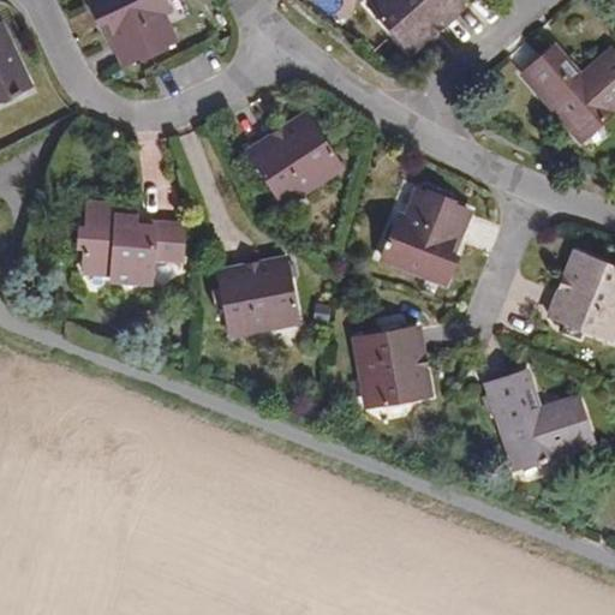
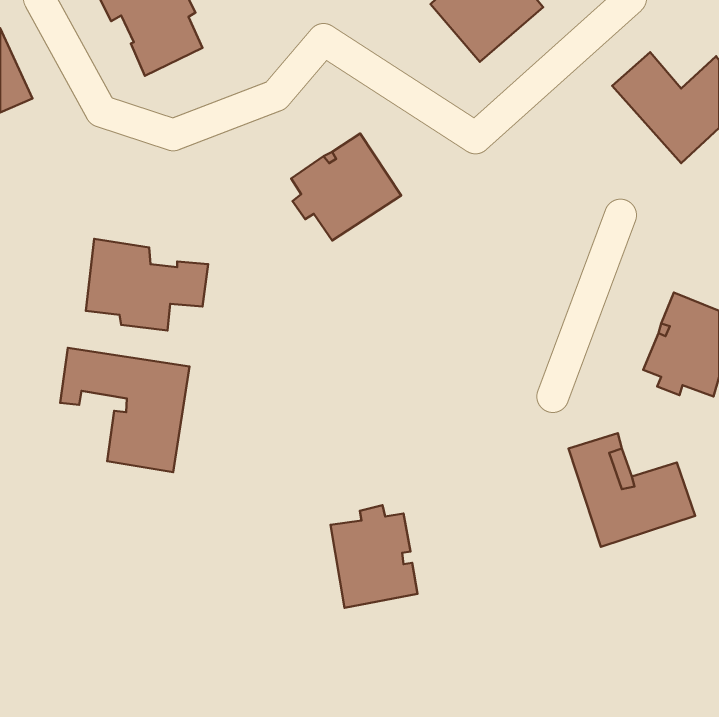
building: [381,191,466,285] -> none
building: [211,257,298,334] -> none
building: none -> [60,348,189,472]
building: [354,318,429,406] -> [330,505,418,608]

